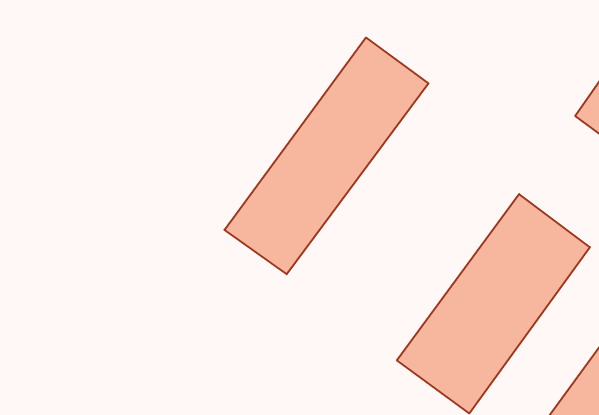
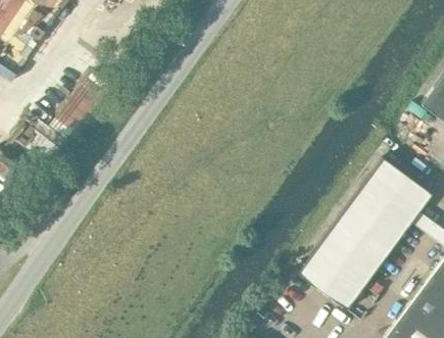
building: [224,38,428,274] -> none

